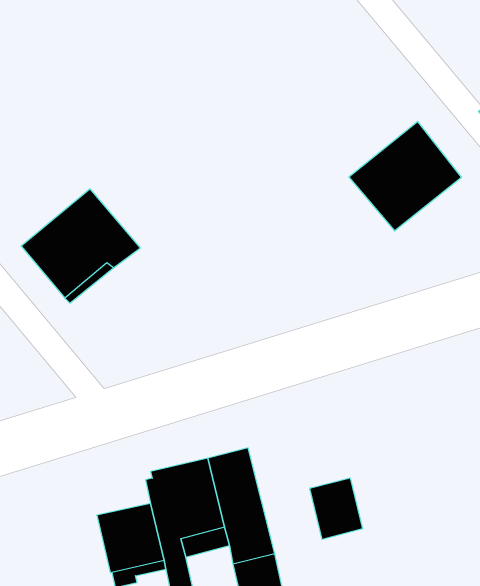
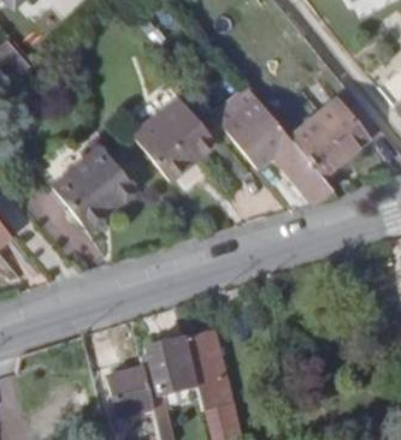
building: none -> [132,95,220,180]
building: none -> [225,100,331,201]
building: [310,478,362,539] -> none

